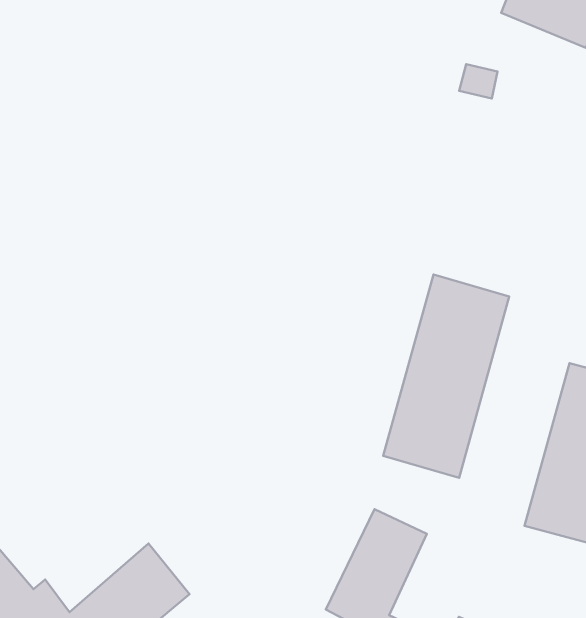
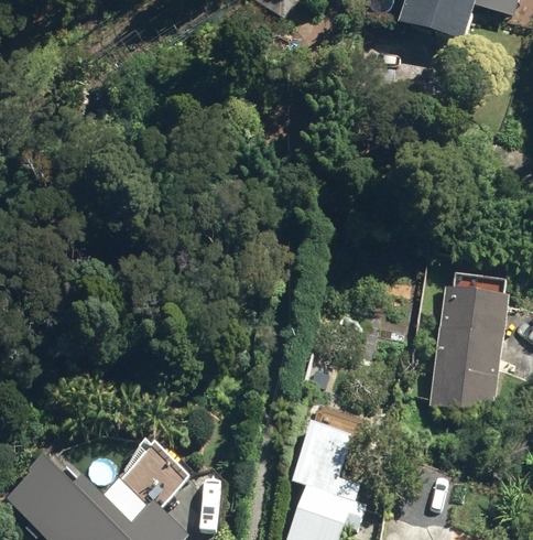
building: [383,275,509,478] -> none

